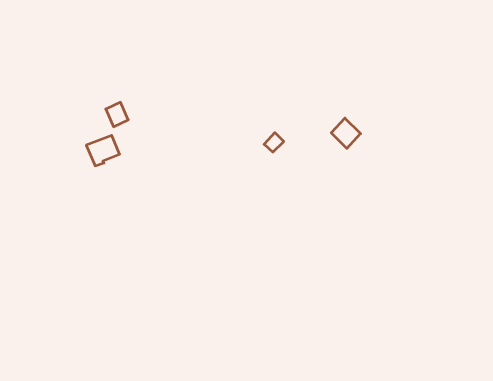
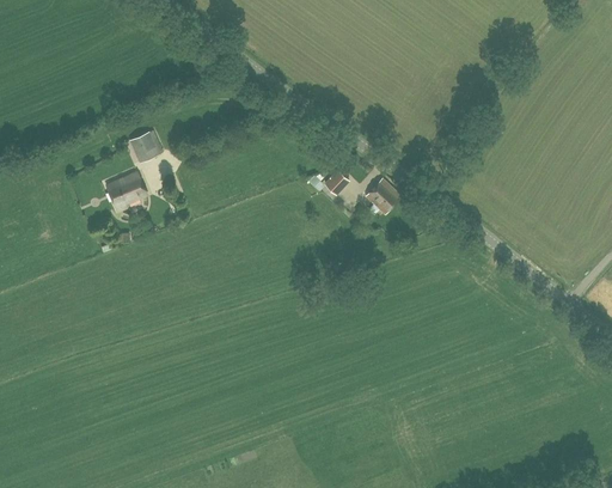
building: [331,118,361,148] -> [366,178,402,215]

